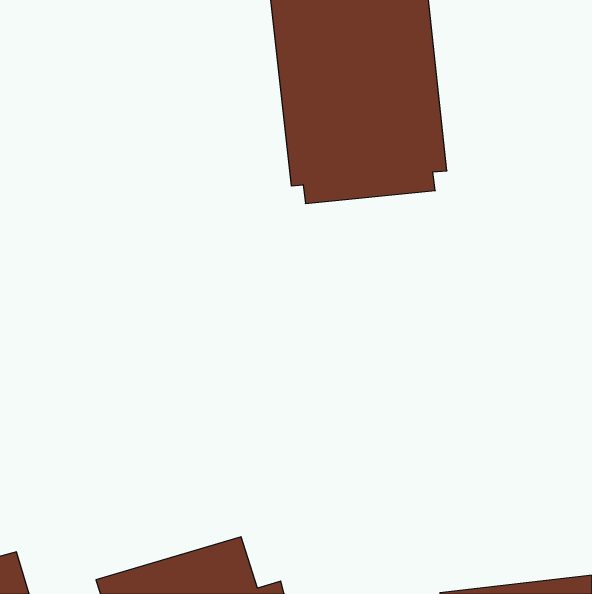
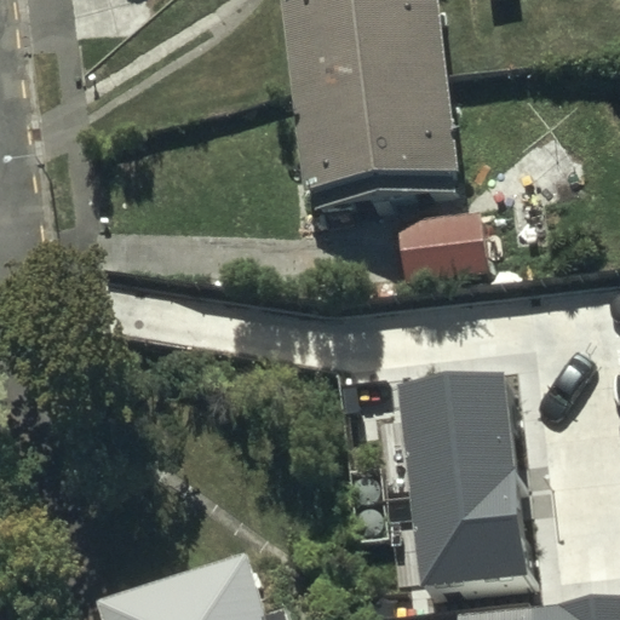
building: none -> [391,369,528,602]

